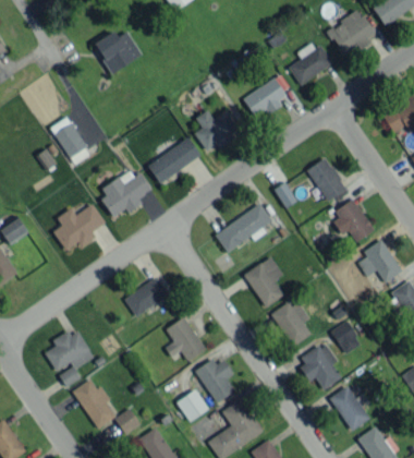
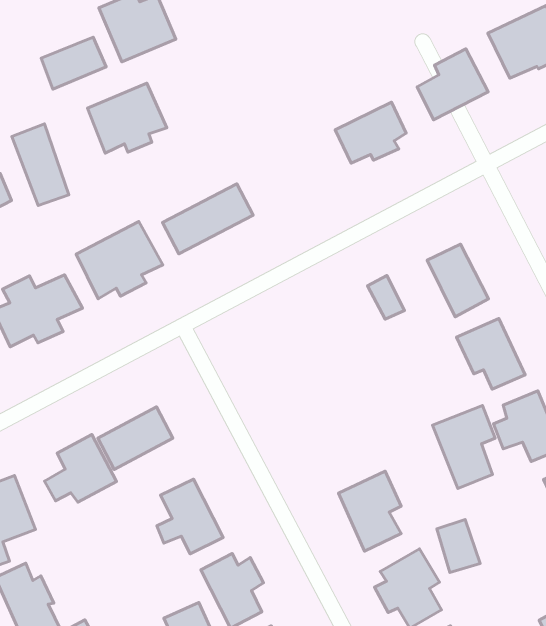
building: none -> [41,37,106,89]
building: none -> [87,83,167,153]
building: [194,110,241,152] -> none
building: [215,203,272,253] -> none
building: [244,256,283,308] -> [433,406,495,489]
building: none -> [44,435,117,502]

